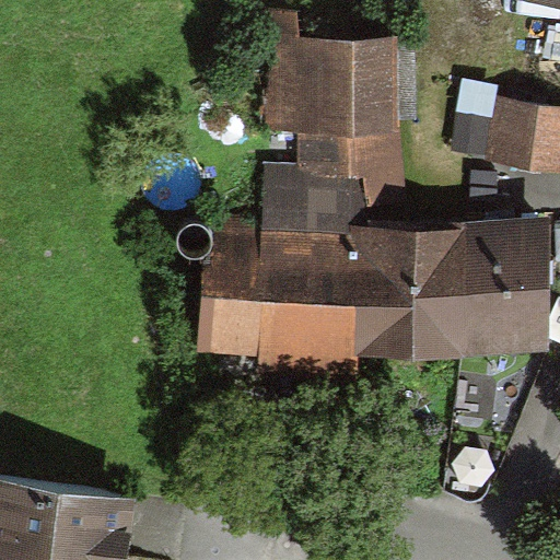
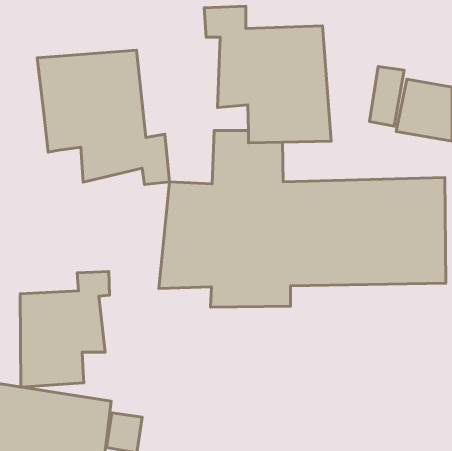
building: none -> [37,50,170,184]
building: none -> [20,272,110,387]

